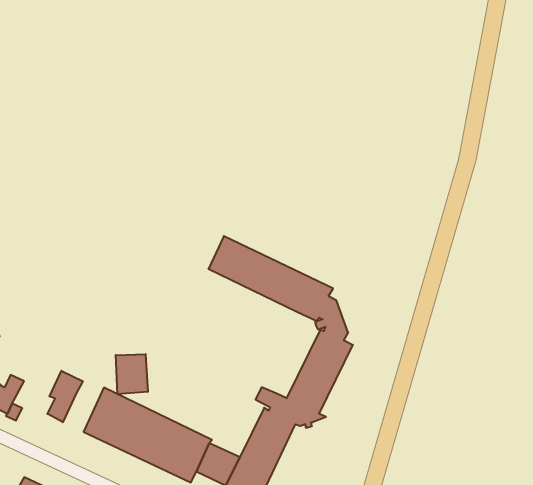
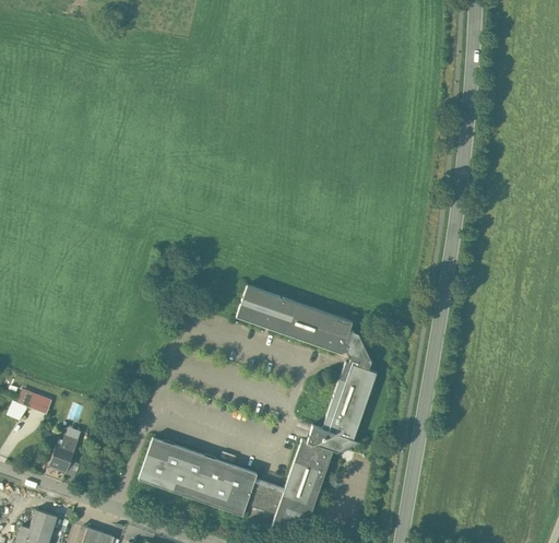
building: [116,354,148,394] -> none
building: [47,371,83,422] -> none

